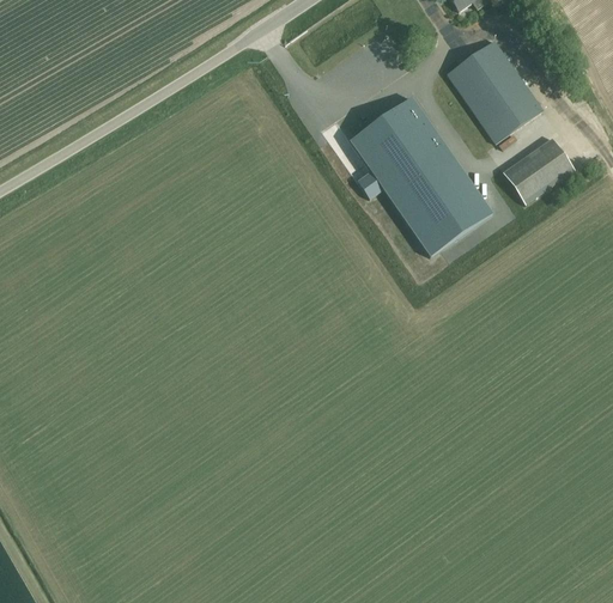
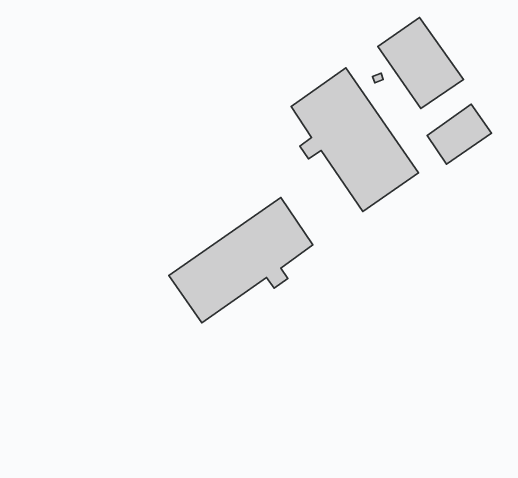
building: none -> [169,198,313,323]

